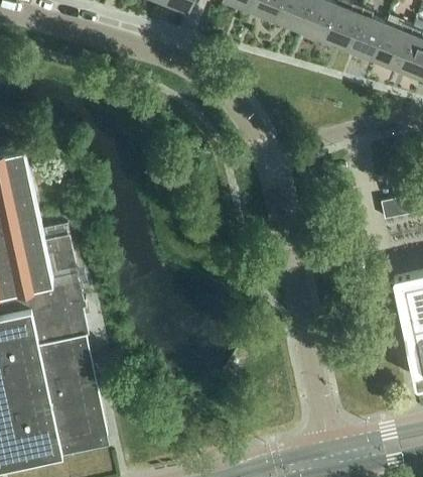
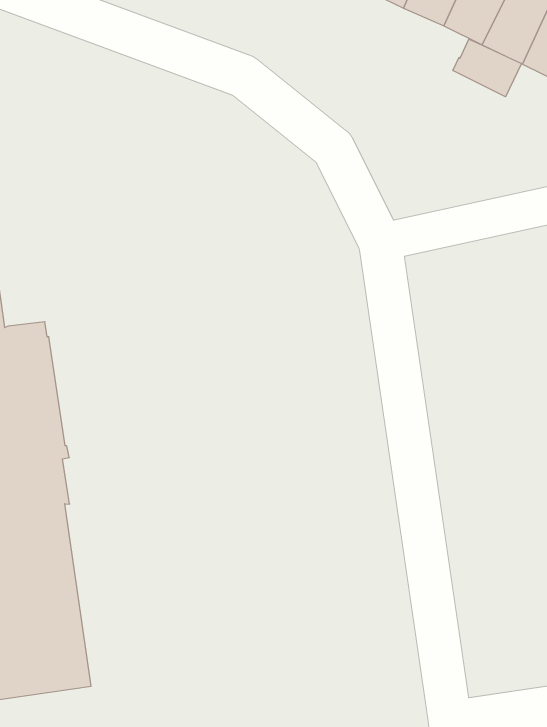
building: none -> [453,39,521,97]

